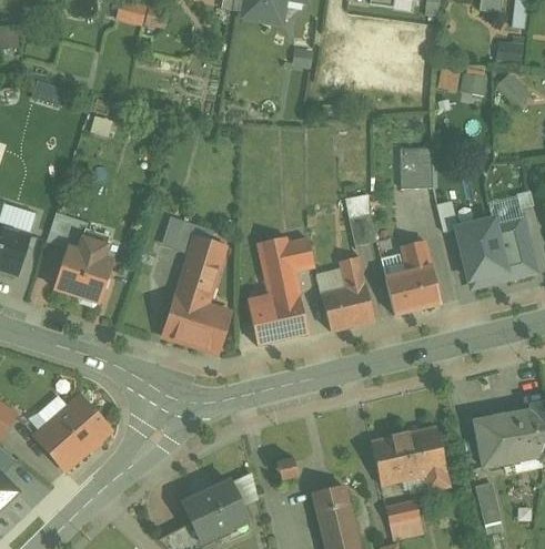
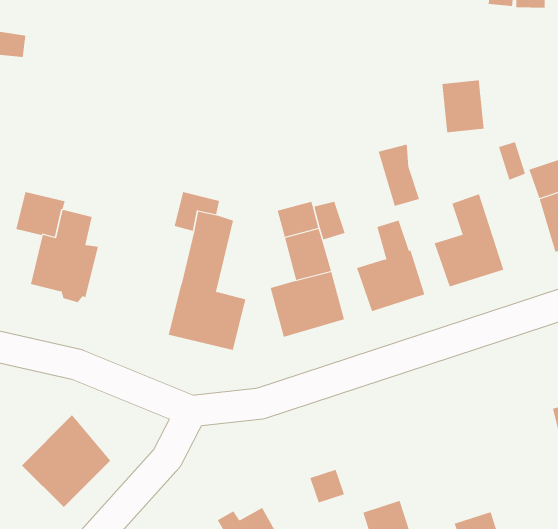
building: [371,424,448,489] -> none

